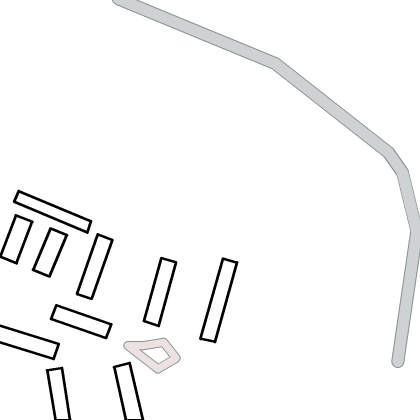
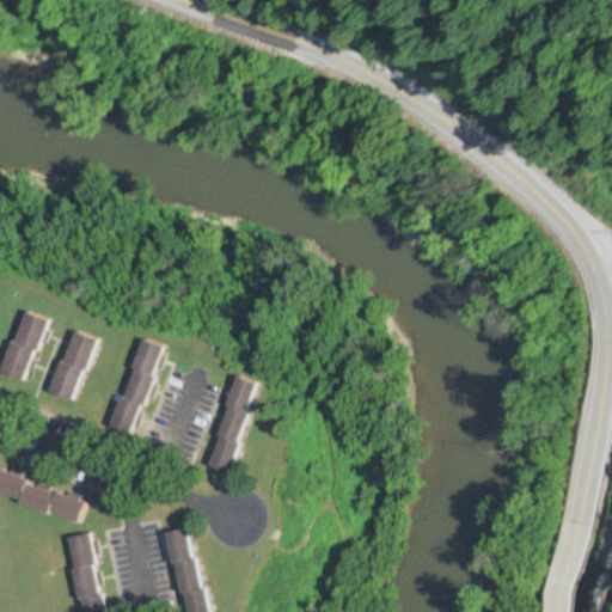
building: [14,191,91,233] -> none
building: [201,259,237,342] -> none
building: [51,305,111,338] -> none

